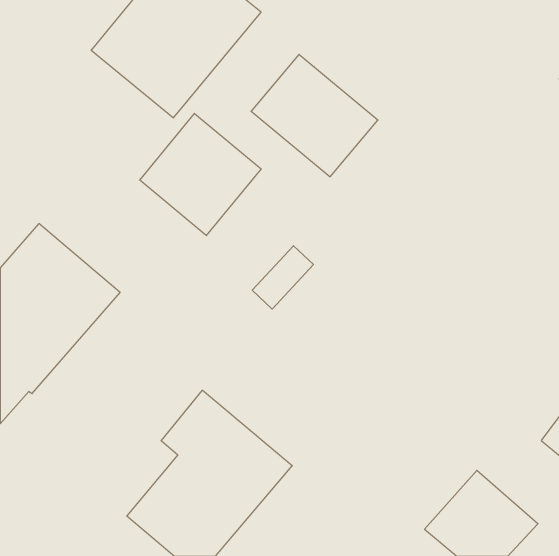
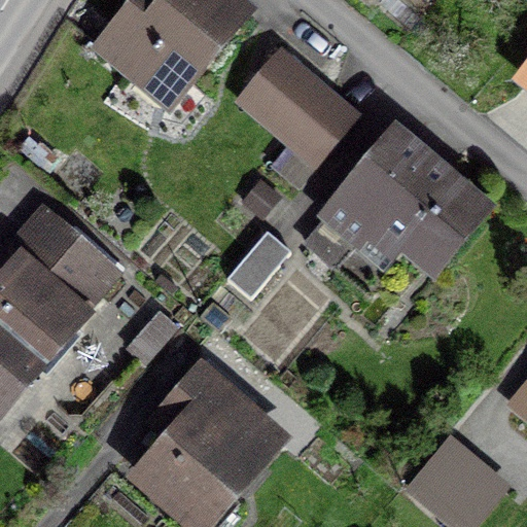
building: [140,113,261,236] -> none
building: none -> [319,129,482,277]

